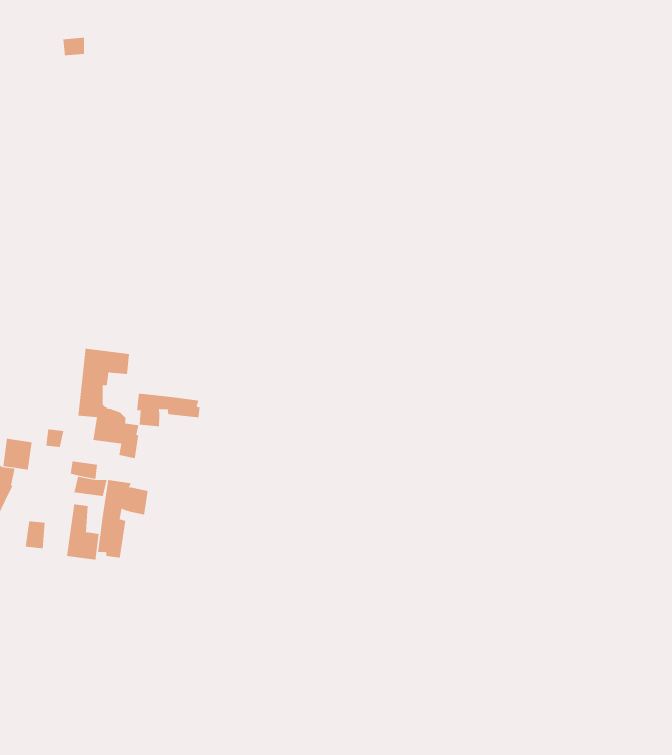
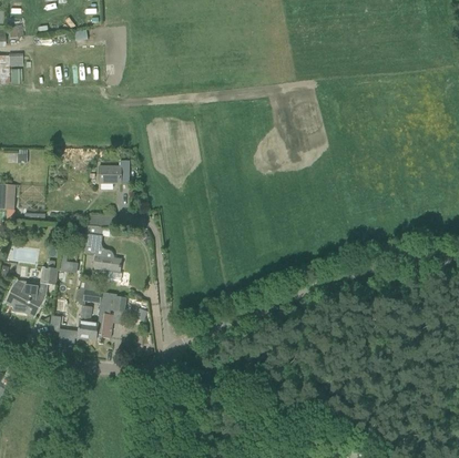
building: none -> [99,161,129,183]
building: [137,393,205,427] -> none

